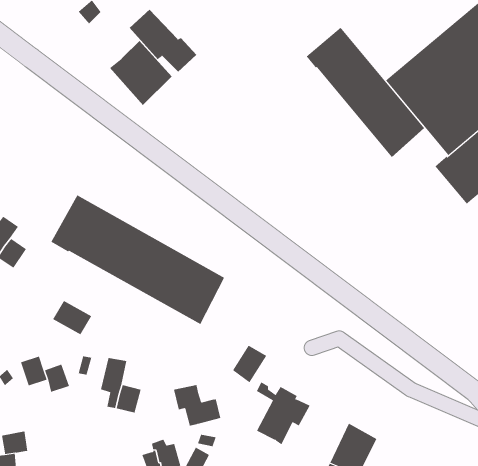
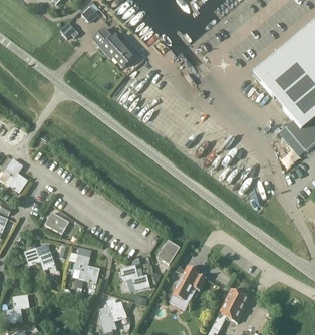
building: [306,27,425,158] -> none
building: [109,40,173,106] -> none
building: [51,195,225,325] -> none

